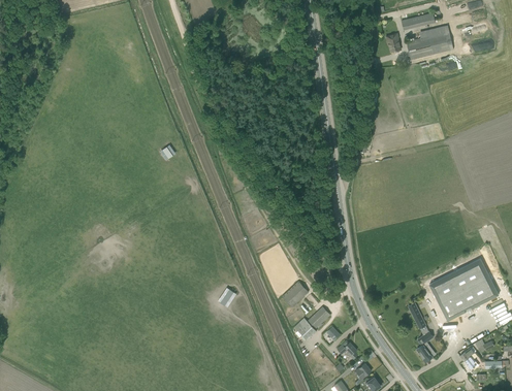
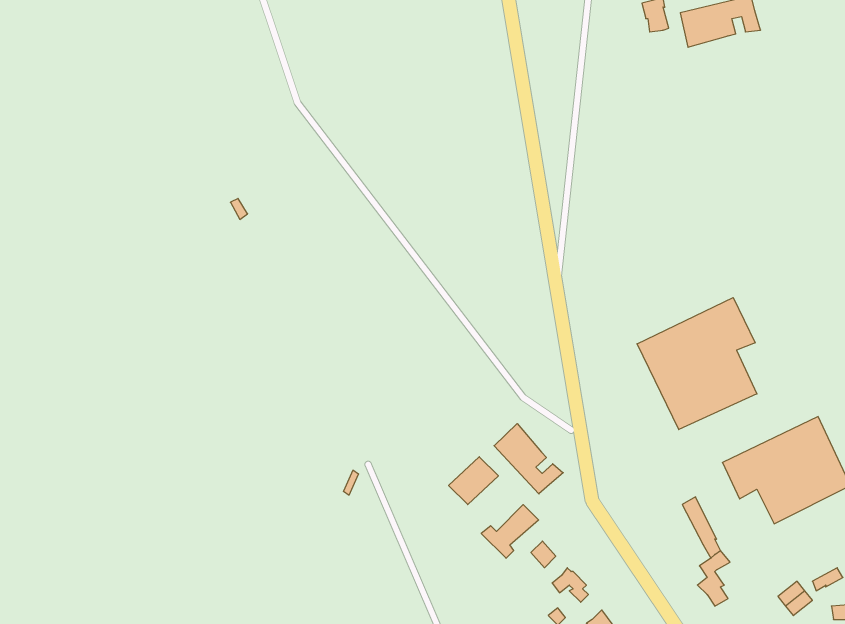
building: none -> [637,298,757,430]
building: none -> [494,424,563,494]

